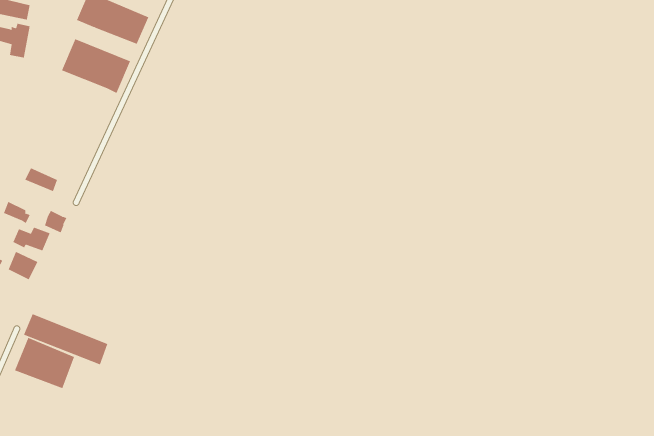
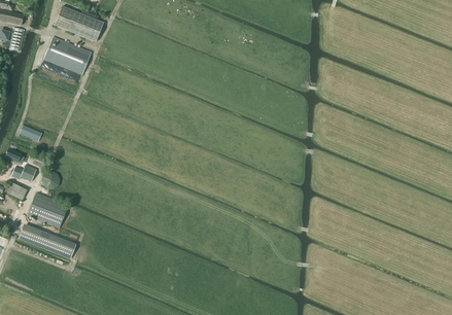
building: [14,337,75,389] -> [27,192,68,227]

